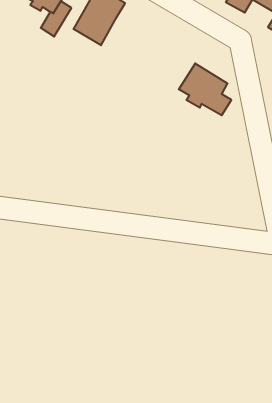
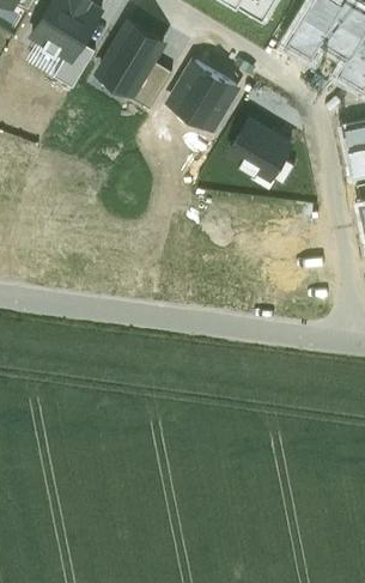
building: none -> [132,63,169,109]
building: none -> [171,63,232,127]

